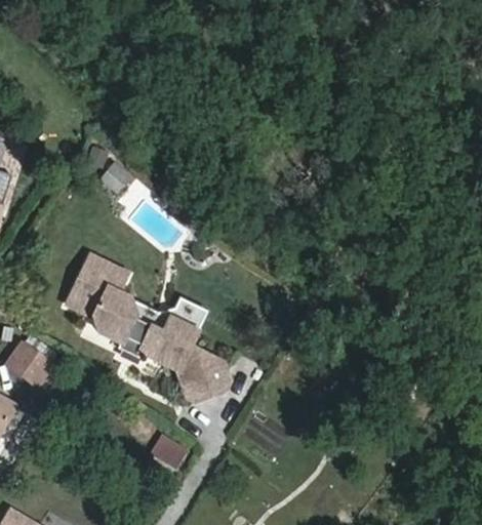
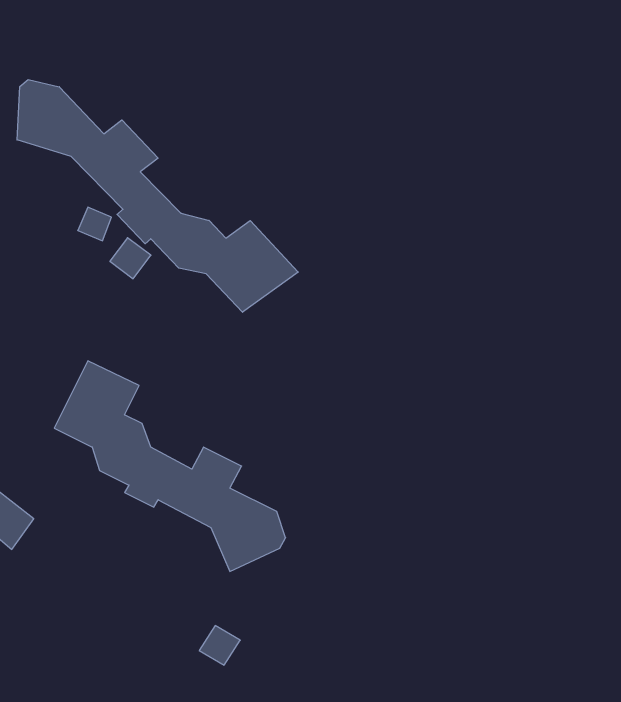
building: none -> [17,80,298,312]

